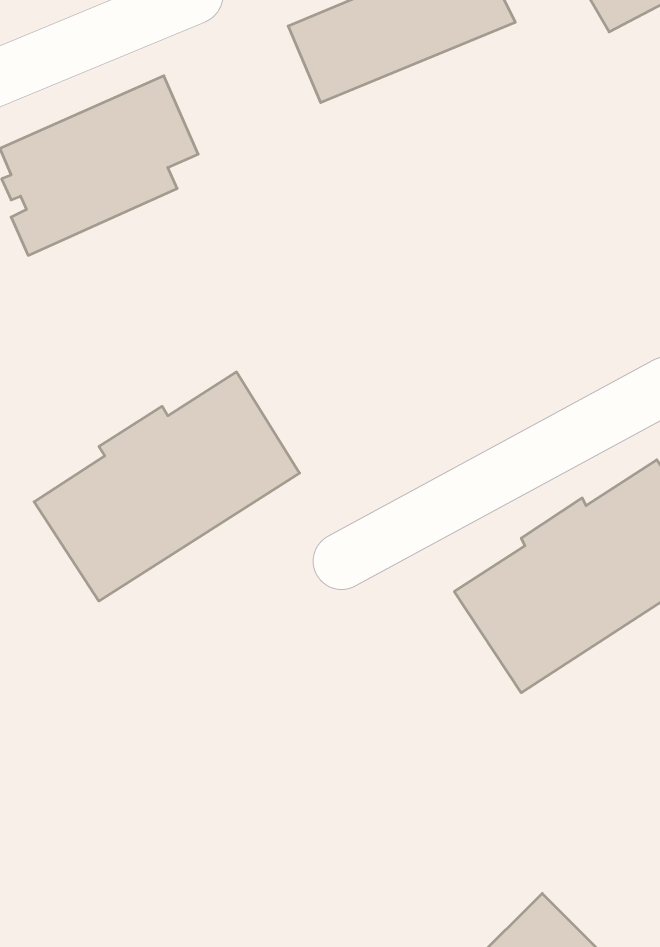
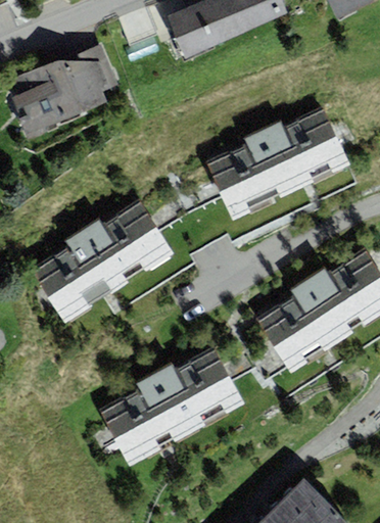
building: none -> [205,105,349,219]
building: none -> [99,346,243,465]

